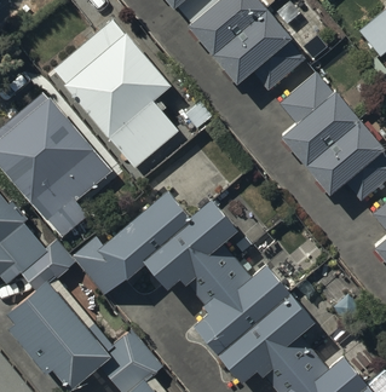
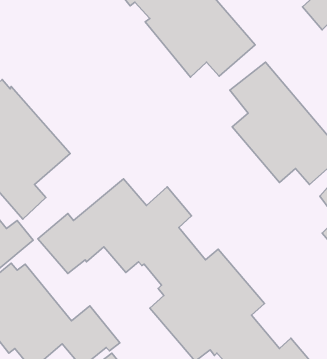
building: [56,22,177,169] -> none

